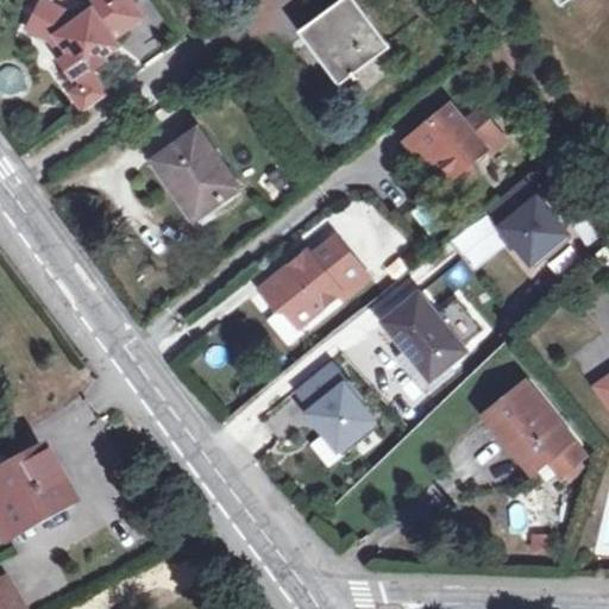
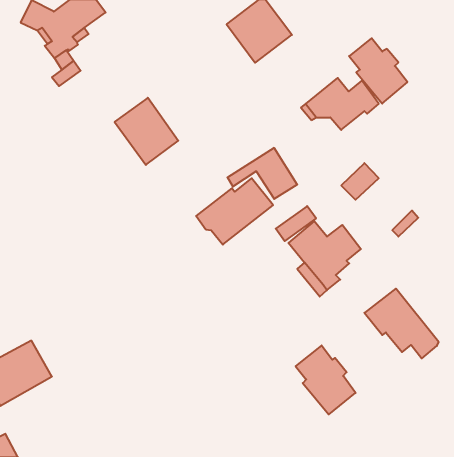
building: [491,182,569,269] -> [349,38,407,104]
building: [295,364,375,456] -> [296,345,356,414]

